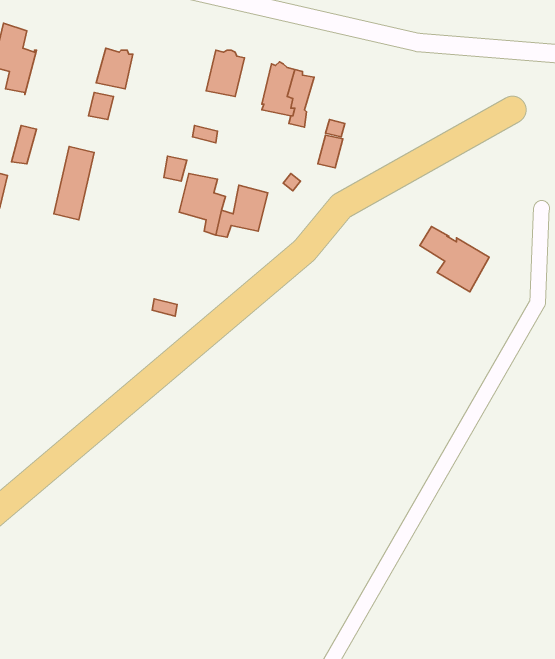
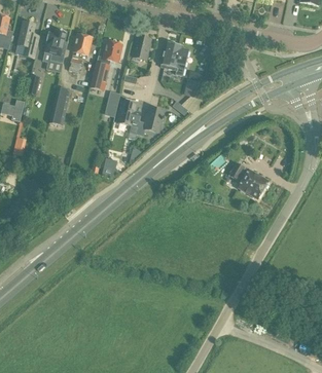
building: none -> [44,29,67,64]
building: none -> [91,41,121,89]
building: [420,226,489,292] -> [229,163,266,198]

